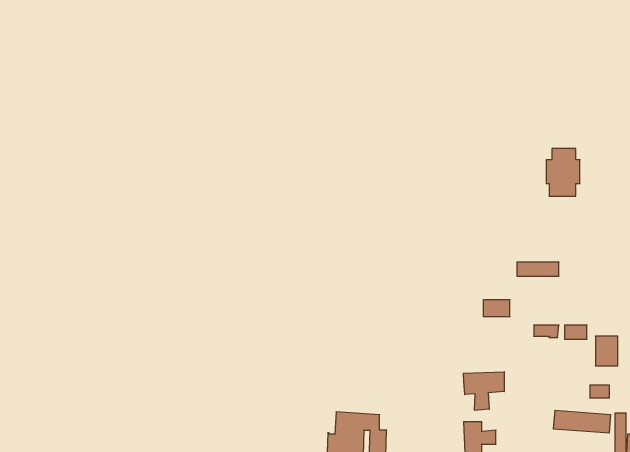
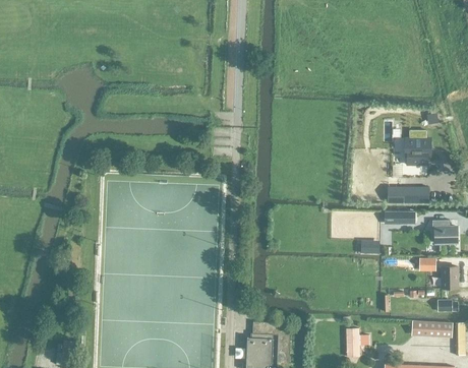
building: none -> [386,185,428,202]
building: none -> [431,220,456,243]
building: [463,372,504,410] -> none

